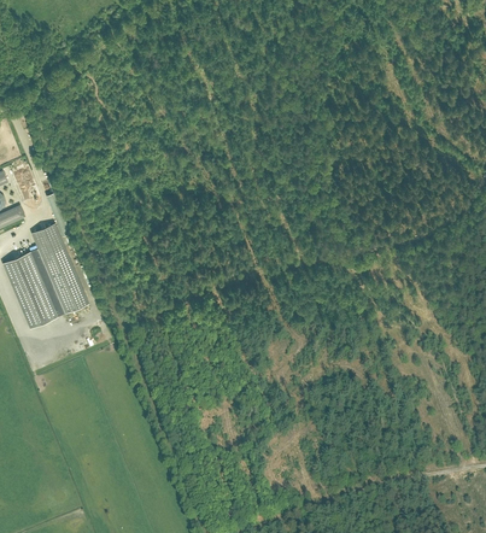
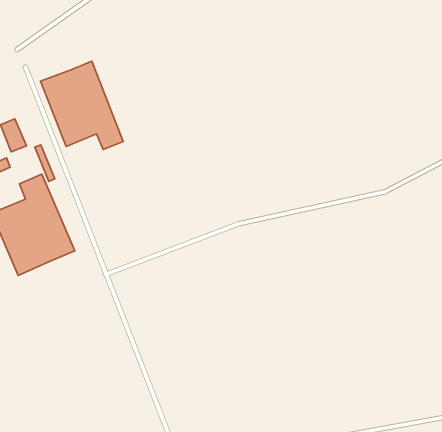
building: none -> [41,61,123,150]

